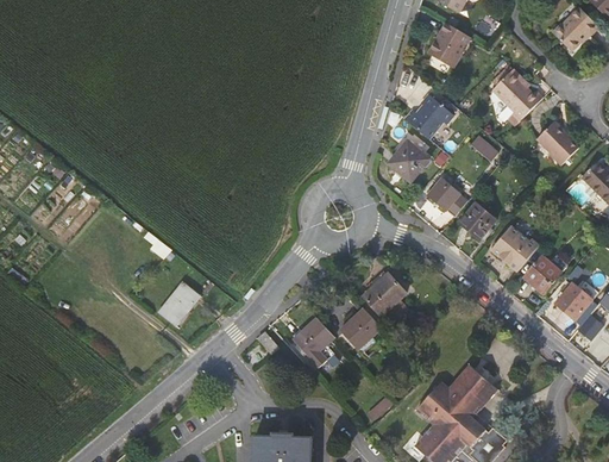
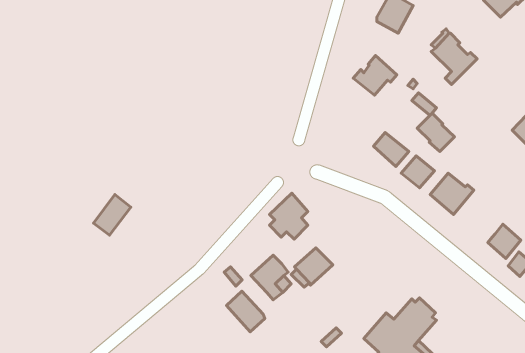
building: [536,121,578,164] -> [417,113,455,152]
building: [388,141,428,181] -> none
building: [523,257,560,295] -> none
building: [363,273,406,324] -> [270,193,308,239]
building: [157,285,199,330] -> [93,194,131,235]
building: none -> [227,291,265,332]

